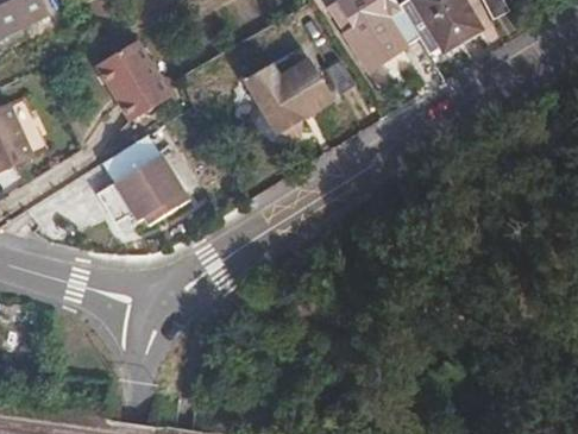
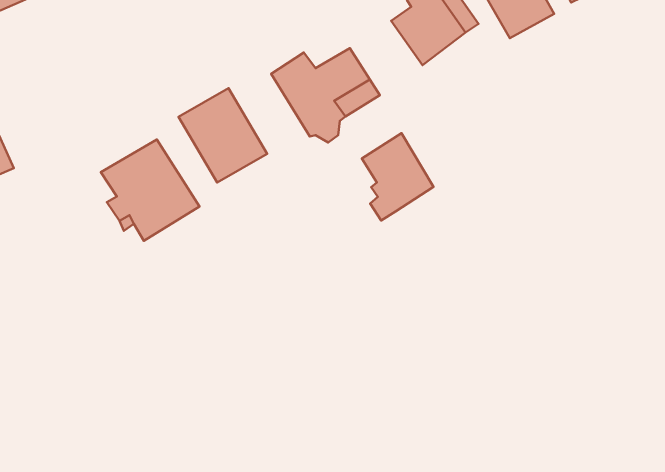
building: [98,42,171,120] -> [179,88,267,182]
building: none -> [362,133,434,220]

